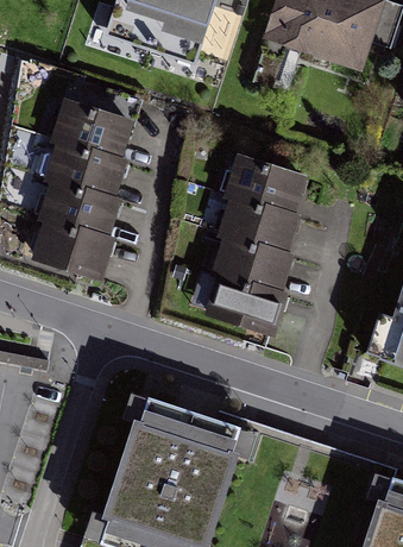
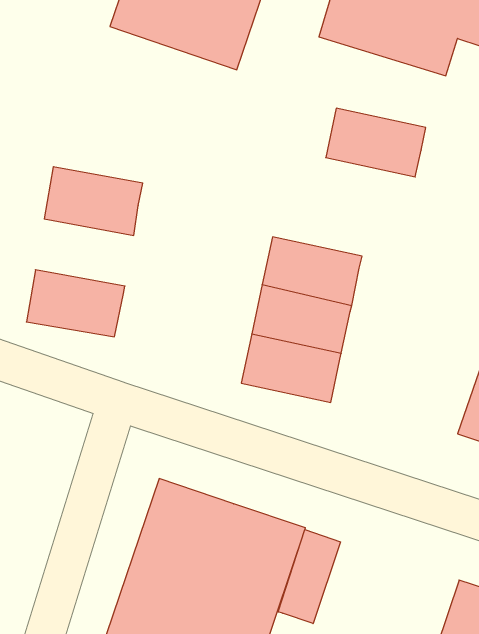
building: [52,102,131,156] -> none
building: [227,159,307,214] -> [326,108,426,177]
building: [38,184,117,238] -> none
building: none -> [278,530,341,624]

